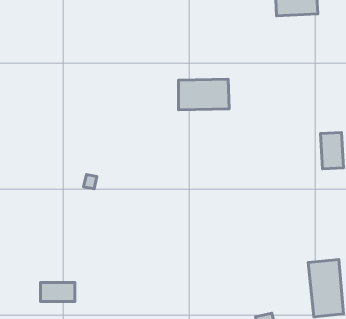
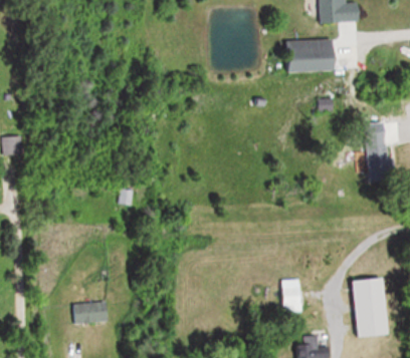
building: [178,79,229,110] -> [284,39,338,71]
building: none -> [281,287,299,307]

